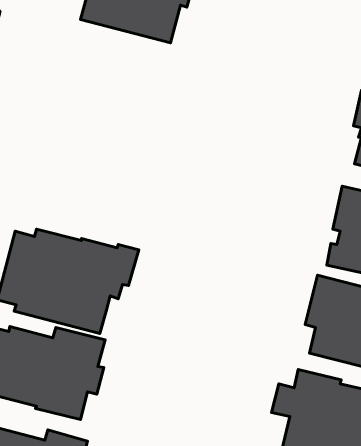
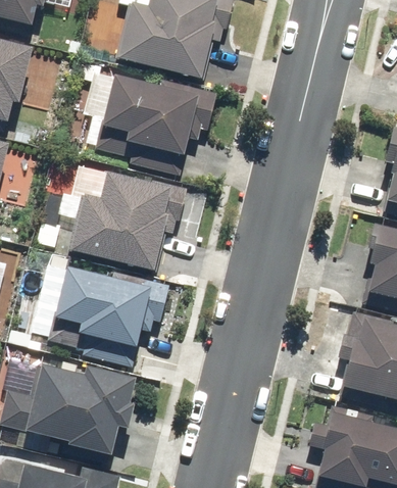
building: none -> [83,71,218,178]
building: none -> [66,169,188,274]

